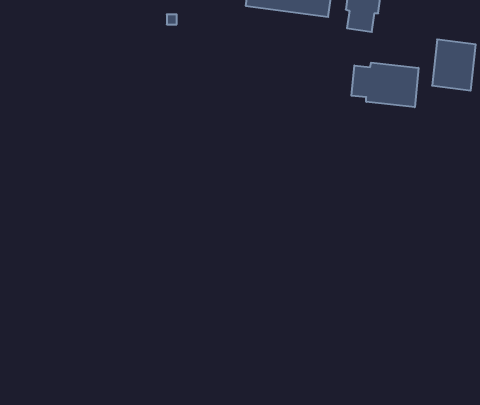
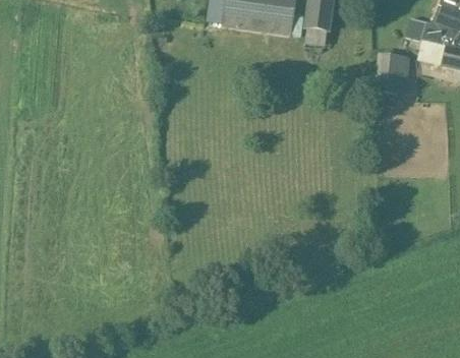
building: [351,63,418,107] -> none

